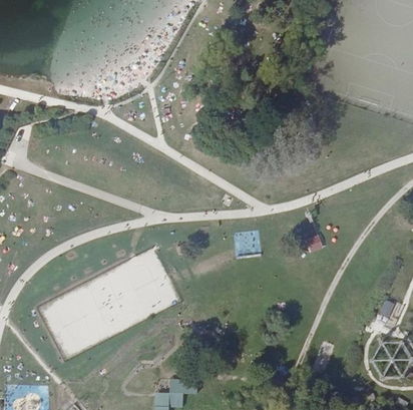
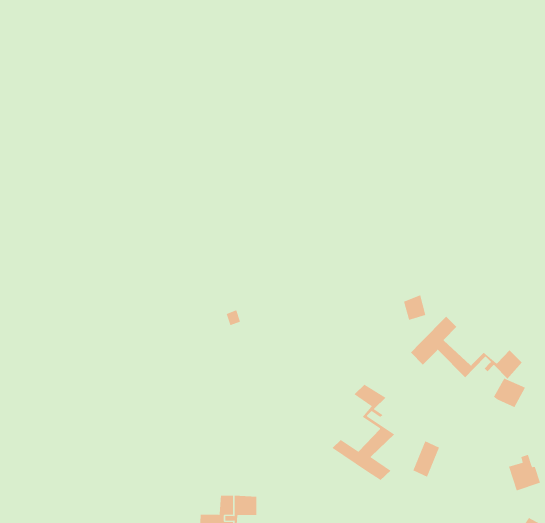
building: none -> [410,316,522,379]
building: none -> [331,384,395,481]

